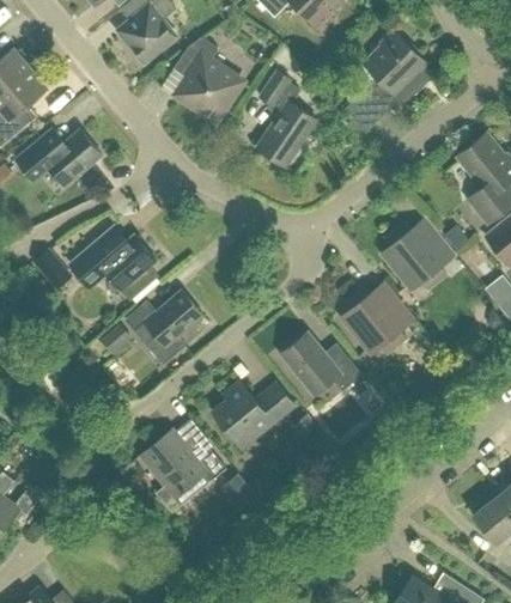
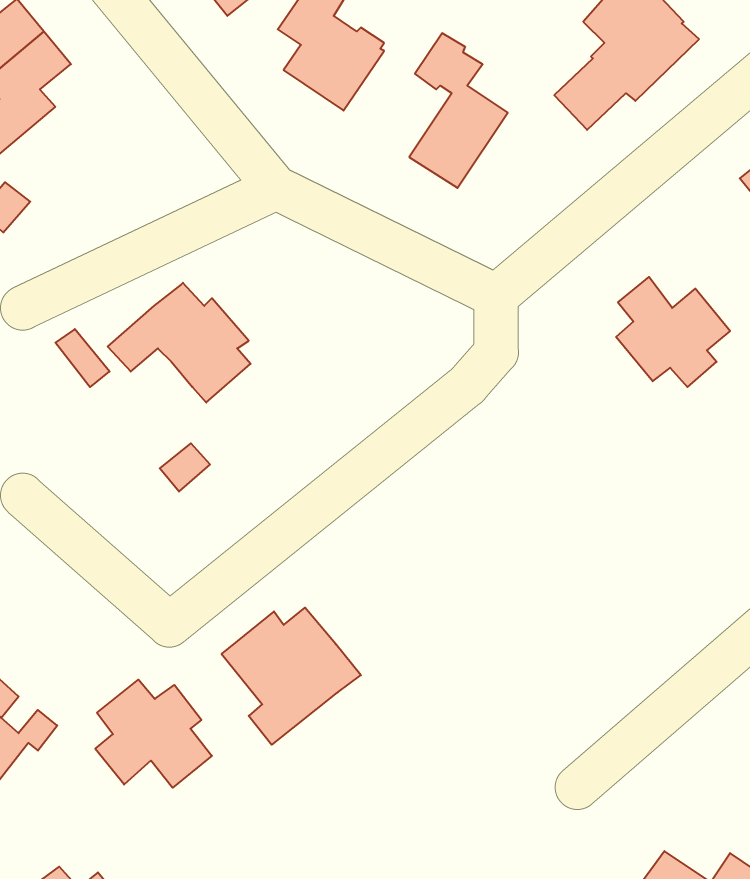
building: [16,128,102,185] -> none
building: [343,286,414,353] -> none
building: [124,290,203,360] -> none
building: [280,331,361,395] -> none
building: [212,379,296,444] -> none
building: none -> [95,680,212,788]

